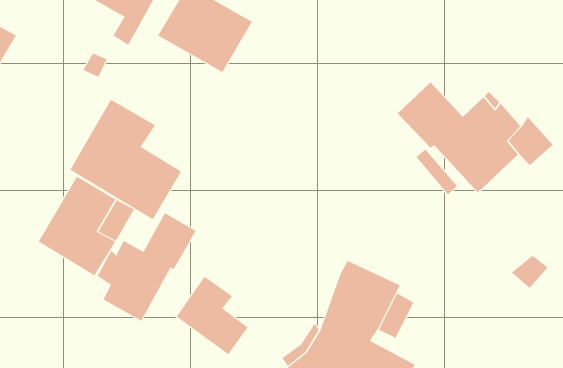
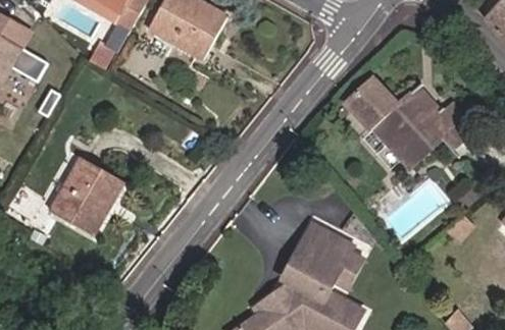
building: [70,99,182,220] -> none
building: [97,212,197,321] -> none
building: [176,276,249,355] -> none

